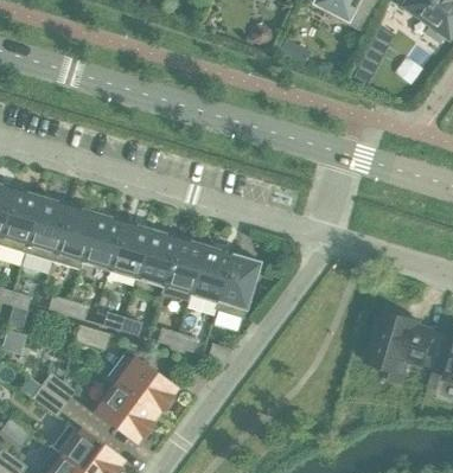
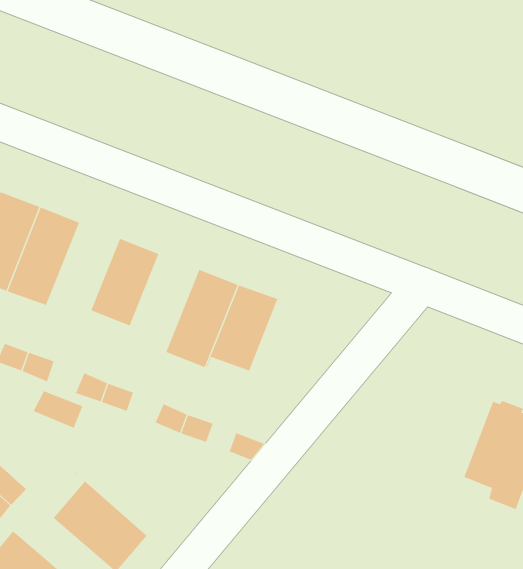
building: [78,212,123,270] -> none
building: [135,229,178,294] -> none
building: [215,253,261,319] -> none
building: [106,352,177,417] -> none

